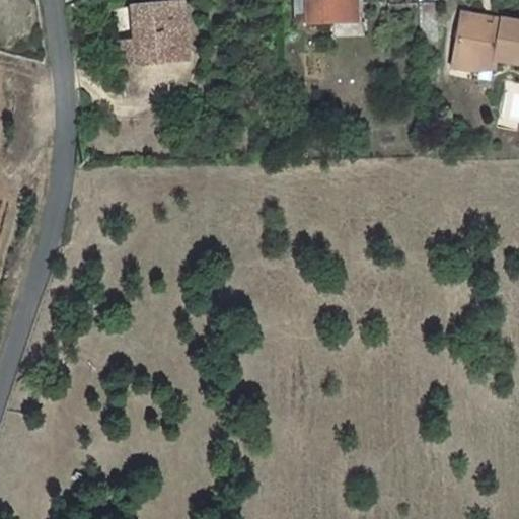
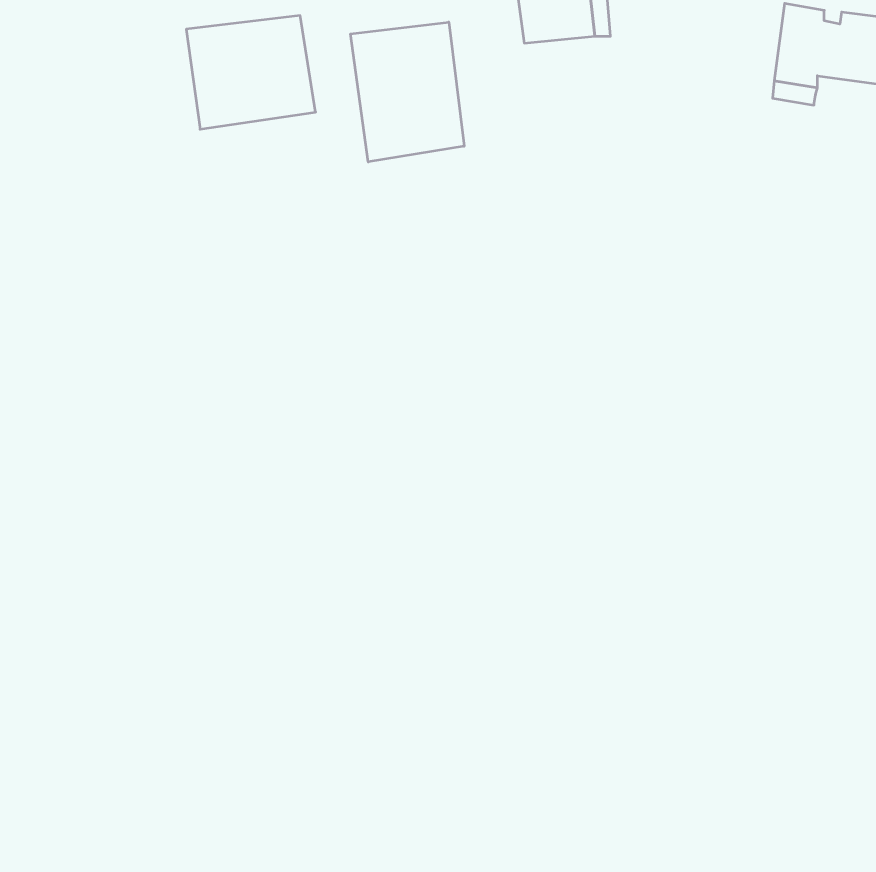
building: none -> [351,22,464,162]

